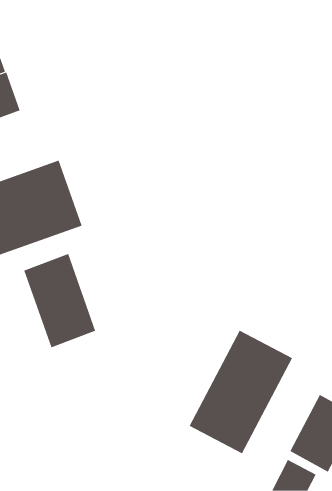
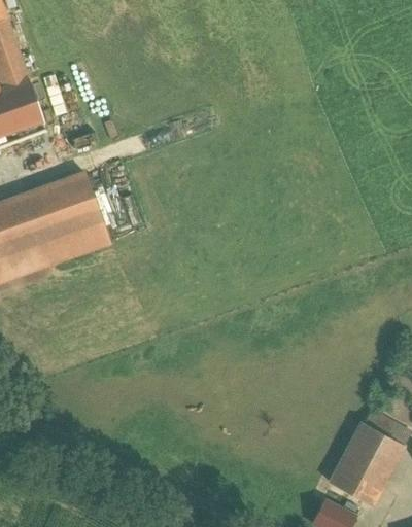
building: [24,253,96,348] -> none
building: [189,330,293,454] -> none

